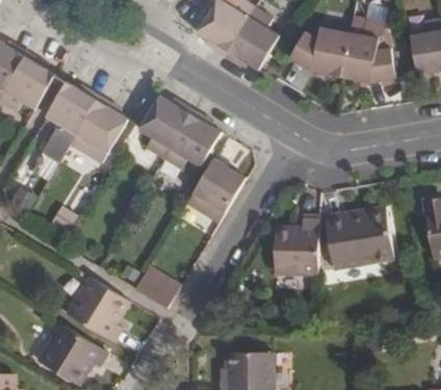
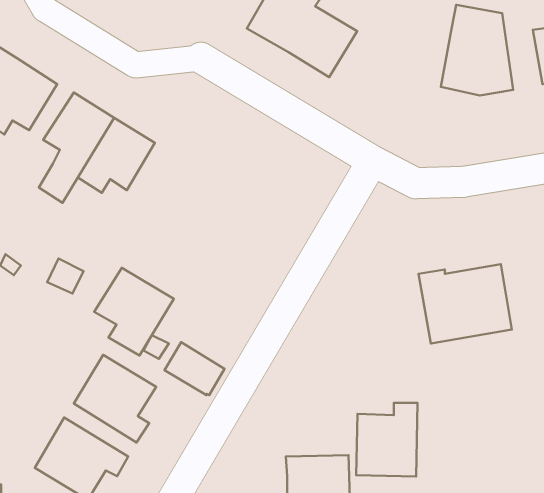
building: [289,28,349,78] -> none
building: [138,96,220,170] -> none
building: [187,159,245,224] -> none
building: none -> [94,268,174,355]
building: [274,219,319,275] -> [356,403,418,477]

